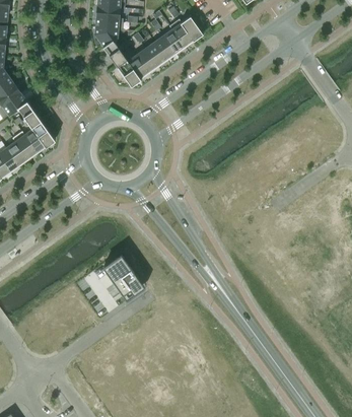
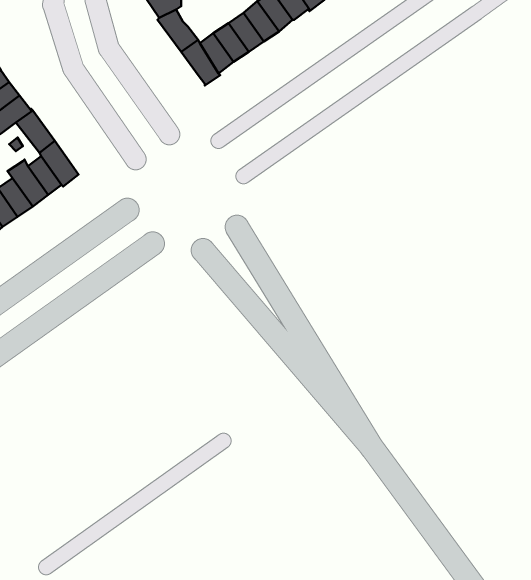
building: [103,254,145,298] -> none

